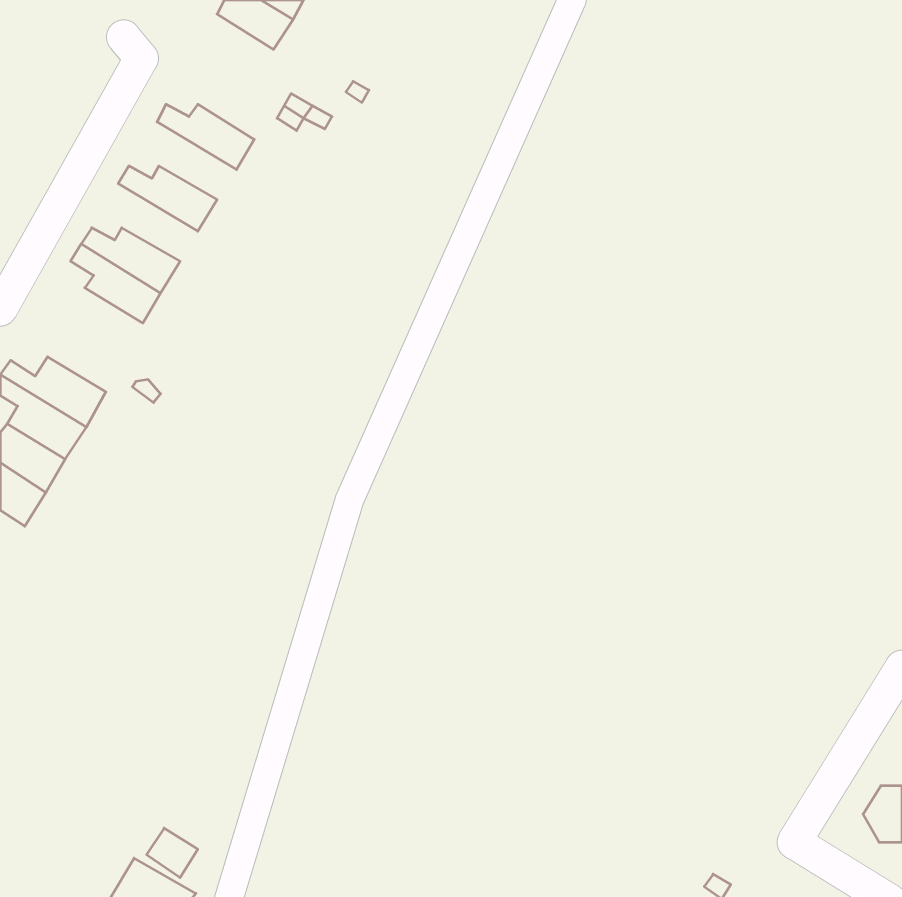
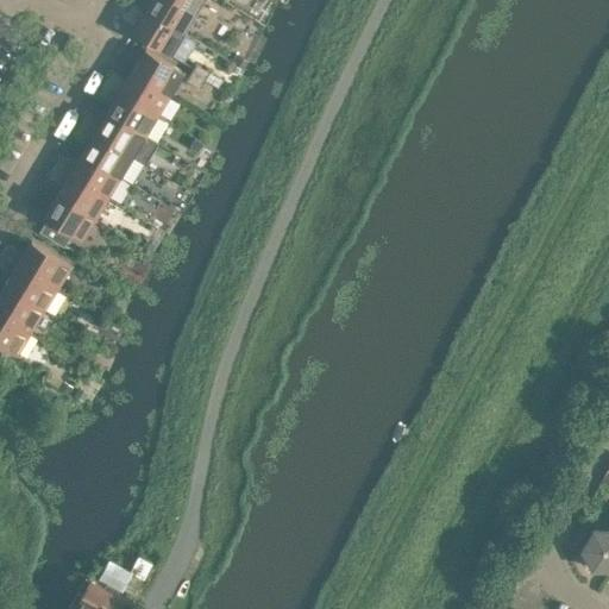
building: none -> [133,13,184,58]
building: none -> [133,51,184,98]
building: none -> [99,86,159,138]
building: none -> [73,127,133,180]
building: none -> [39,197,96,250]

